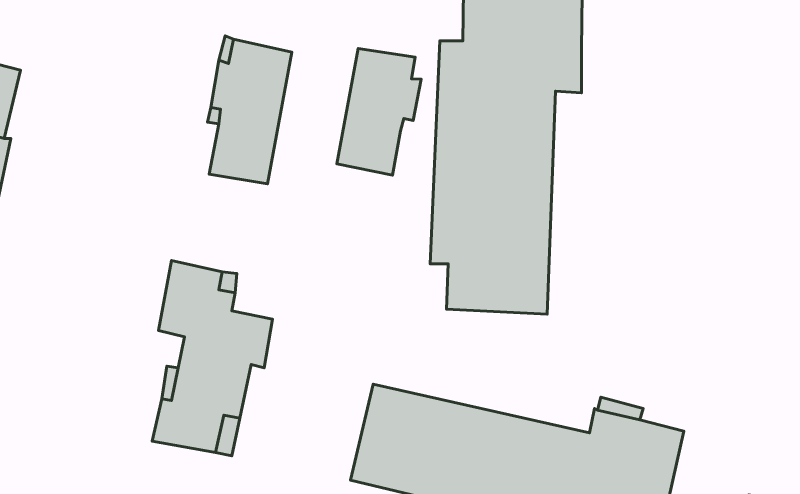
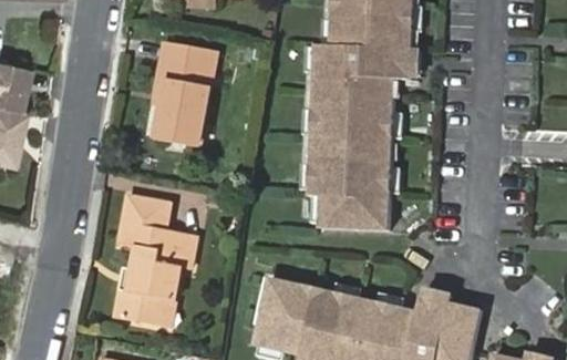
building: [337,49,421,175] -> none

